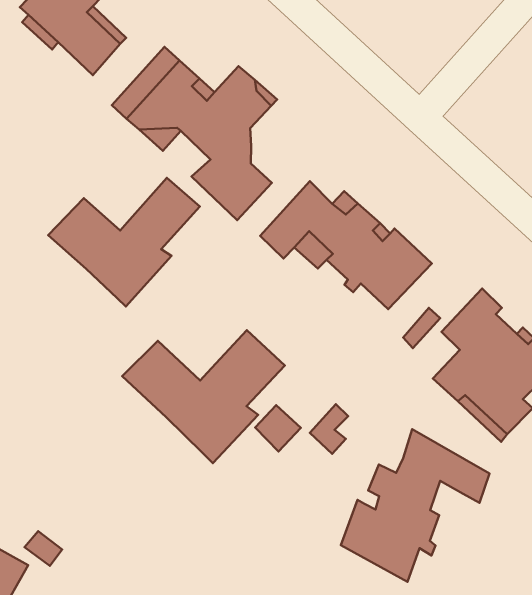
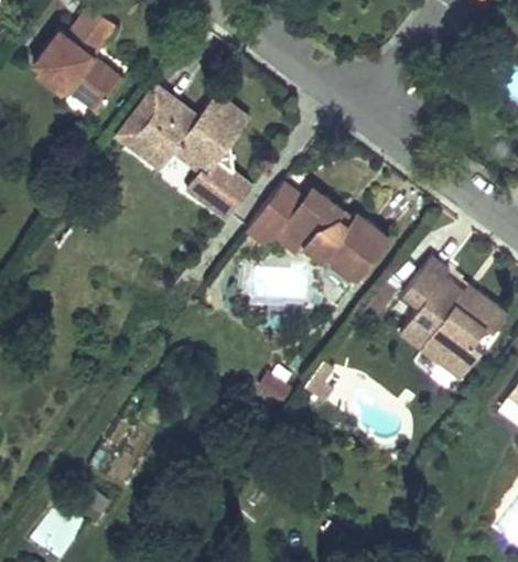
building: [48,178,200,307] -> none
building: [122,330,285,463] -> none
building: [341,429,489,582] -> none

